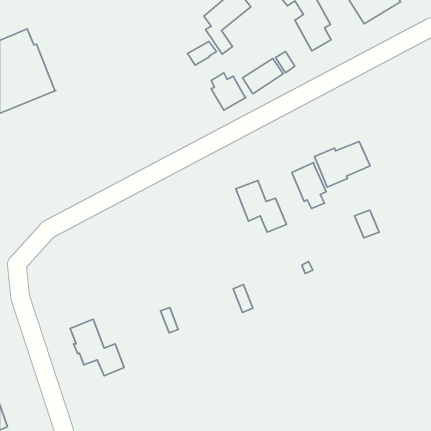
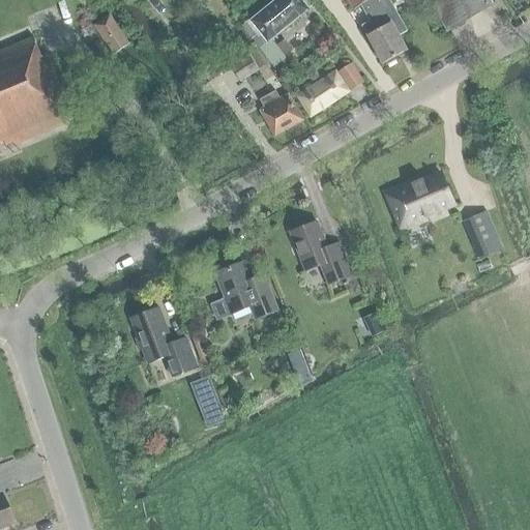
building: none -> [92,13,127,54]
building: [292,163,326,208] -> none
building: [355,210,379,238] -> [467,210,497,244]
building: none -> [213,261,276,318]
building: [70,319,124,376] -> [129,306,196,376]

